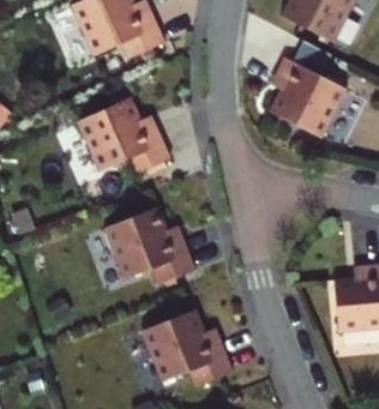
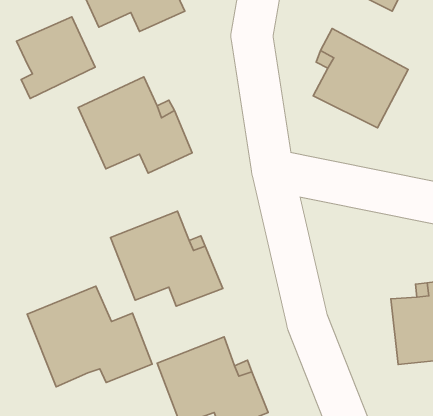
building: none -> [17,17,95,98]
building: none -> [27,286,152,387]

